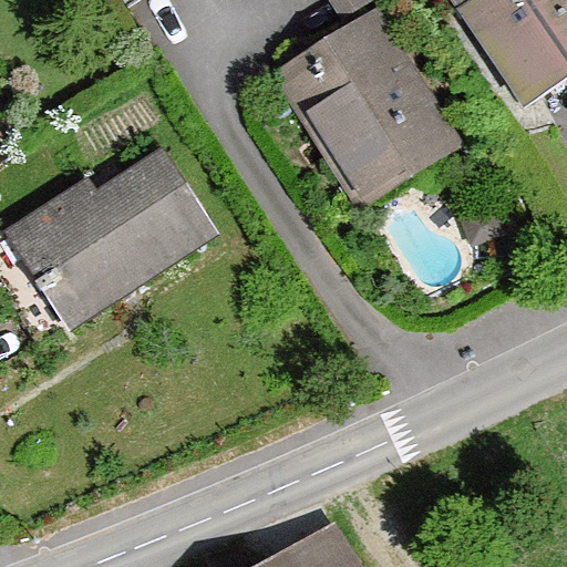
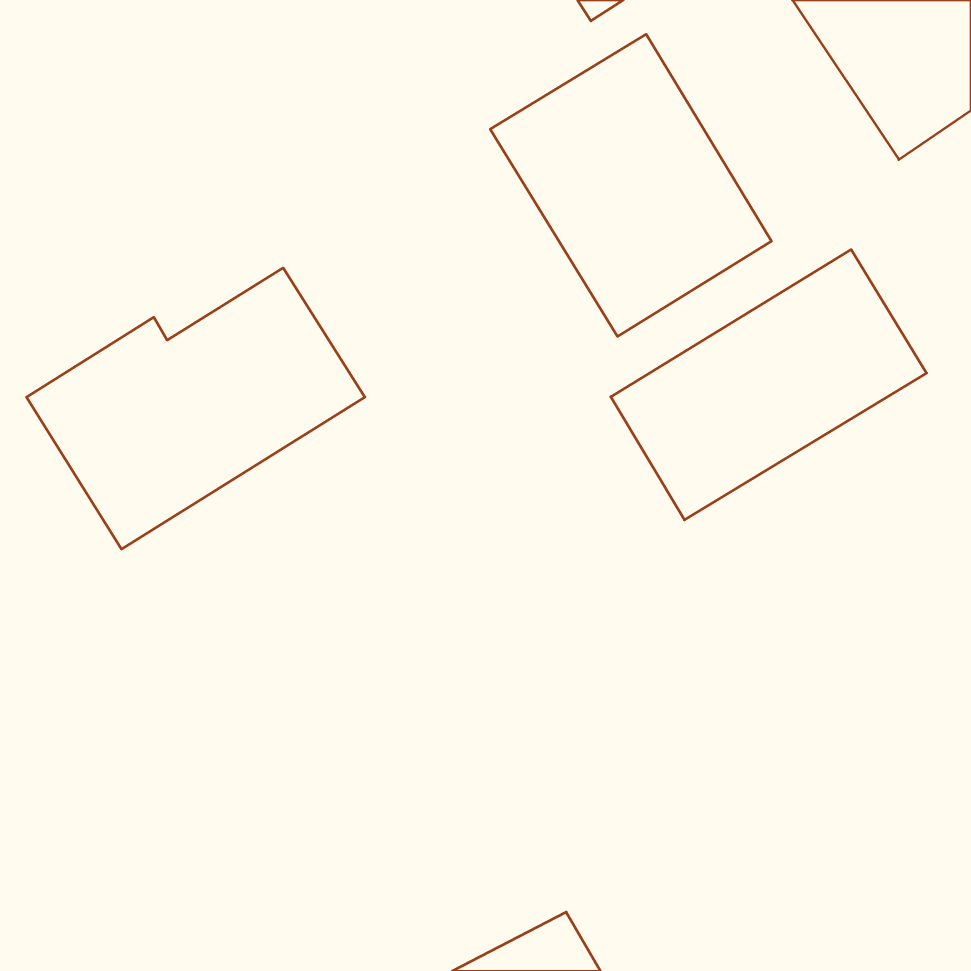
building: none -> [611,250,927,520]

